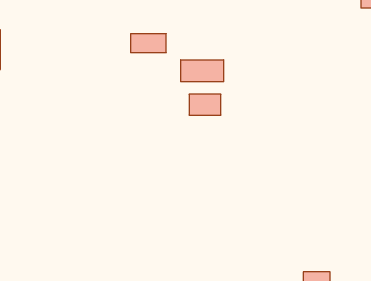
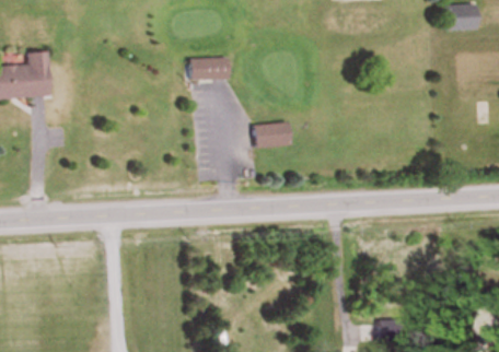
building: [181,60,224,82] -> none

